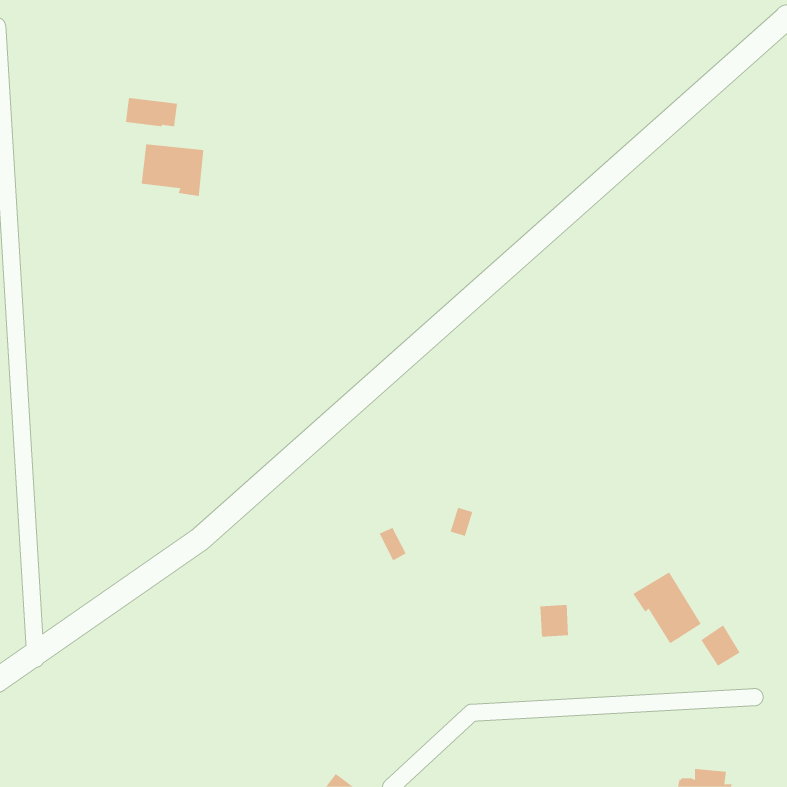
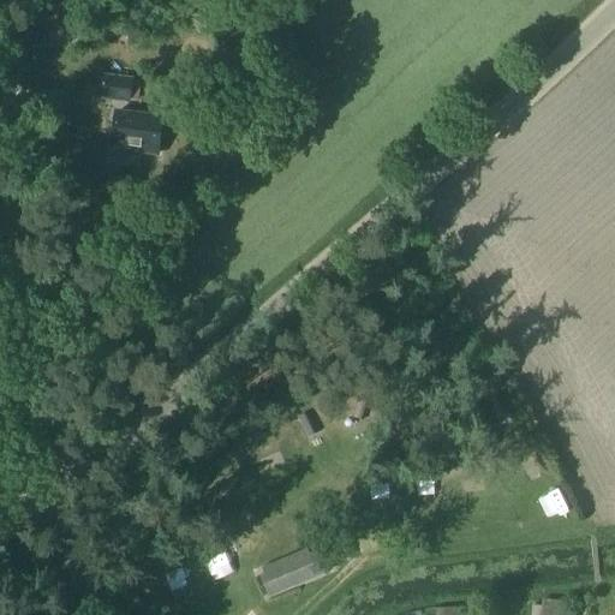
building: [633,571,702,644] -> none
building: none -> [263,548,328,590]

